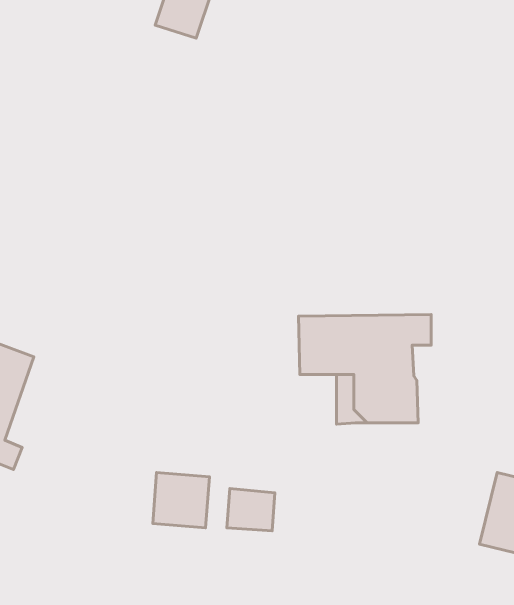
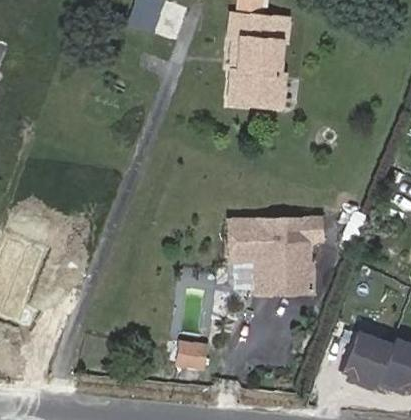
building: none -> [230,10,288,101]
building: [153,472,209,528] -> none

